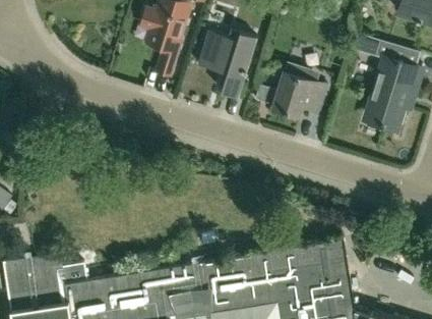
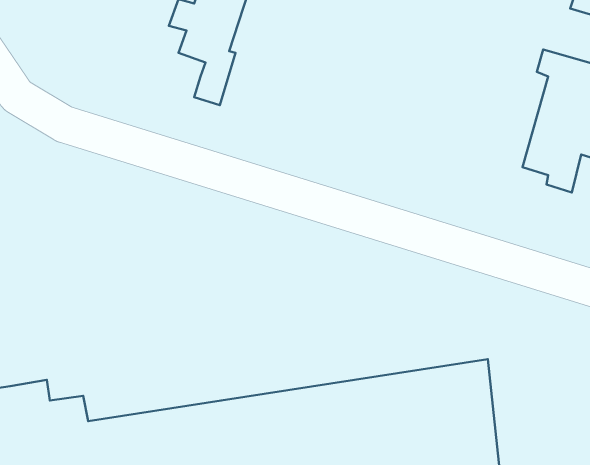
building: [198,31,254,97] -> none
building: [258,70,327,116] -> none

